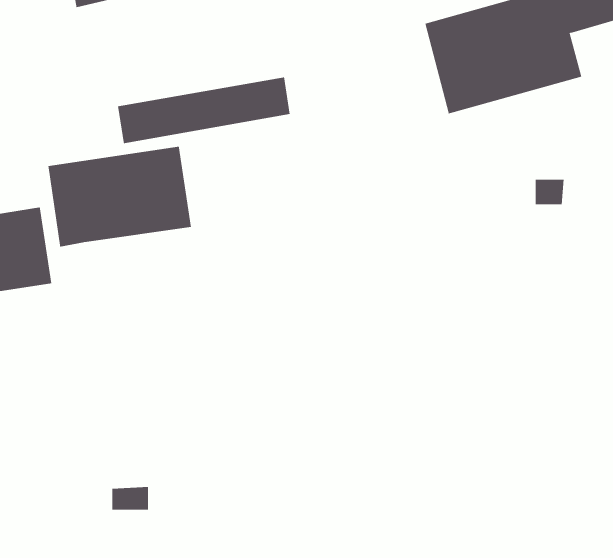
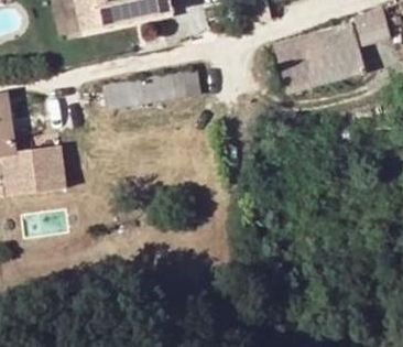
building: [48,146,191,247] -> none

